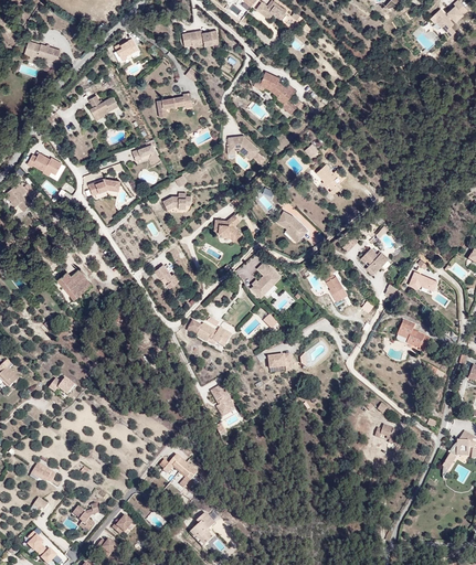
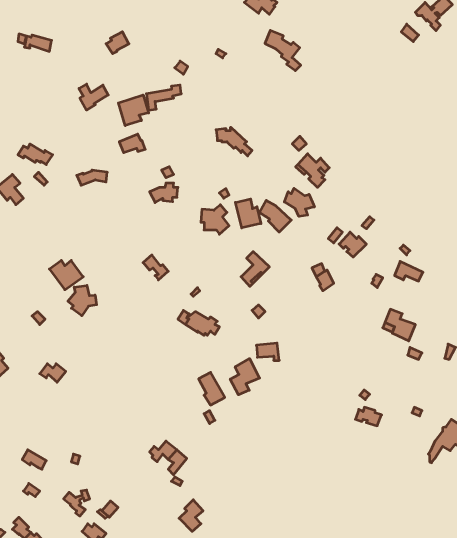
building: [182,31,219,49] -> none
building: [261,73,297,114] -> [265,30,301,71]
building: none -> [118,95,149,126]
building: none -> [284,188,314,216]
building: none -> [235,199,261,228]
building: none -> [68,285,97,316]
building: none -> [230,359,260,395]

